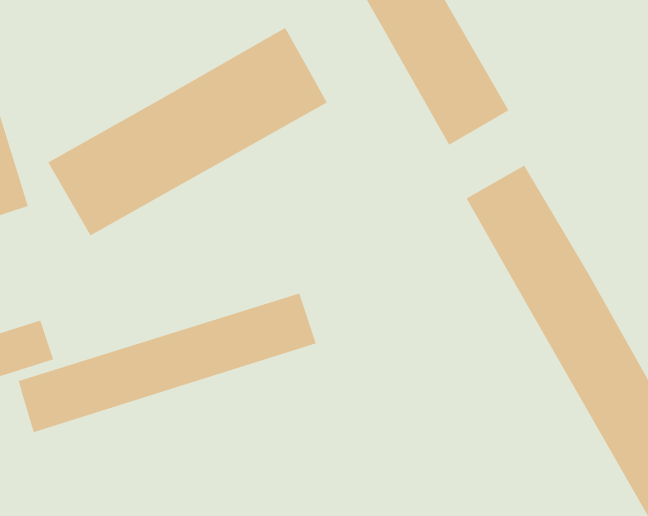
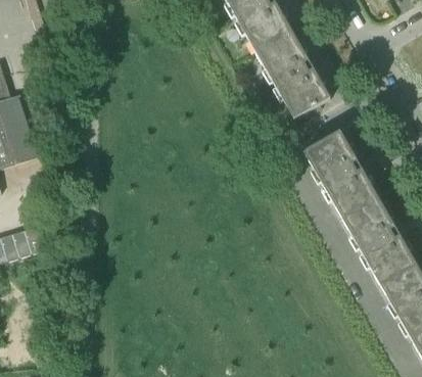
building: [47,27,328,236] -> none
building: [18,292,317,433] -> none

